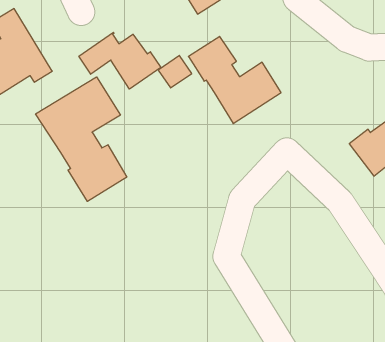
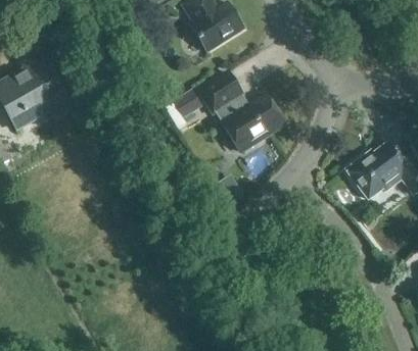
building: [79,32,161,89] -> none
building: [36,77,127,201] -> none

